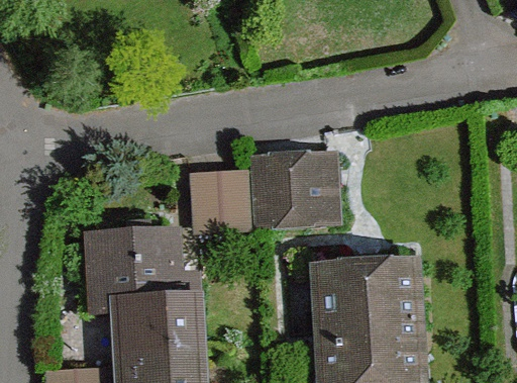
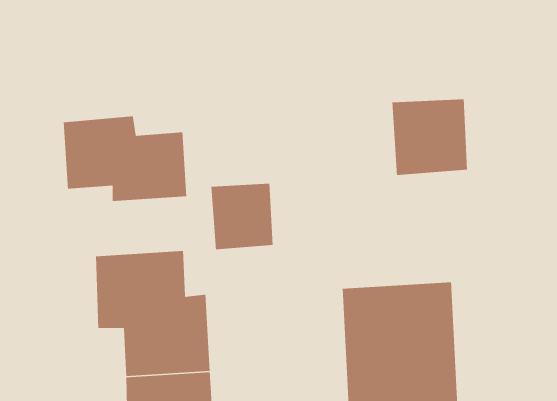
building: none -> [63,116,187,202]
building: [252,151,321,220] -> [392,98,468,176]

